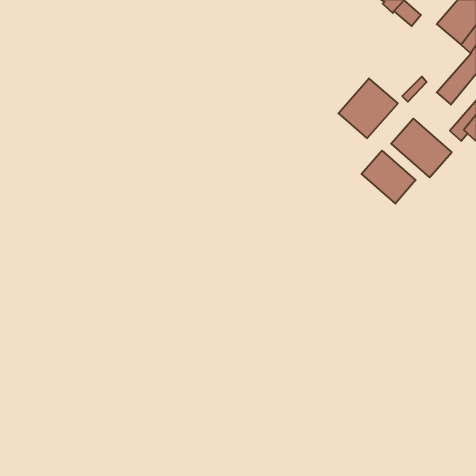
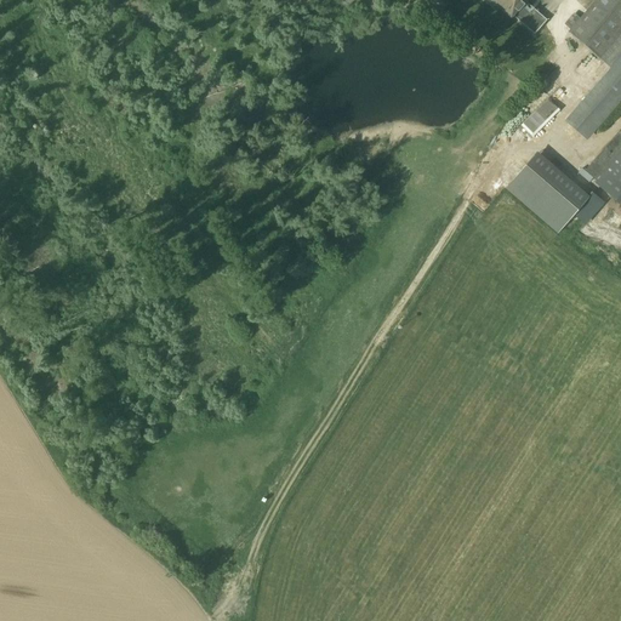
building: [338,78,398,138] -> none
building: [362,151,416,204] -> none

